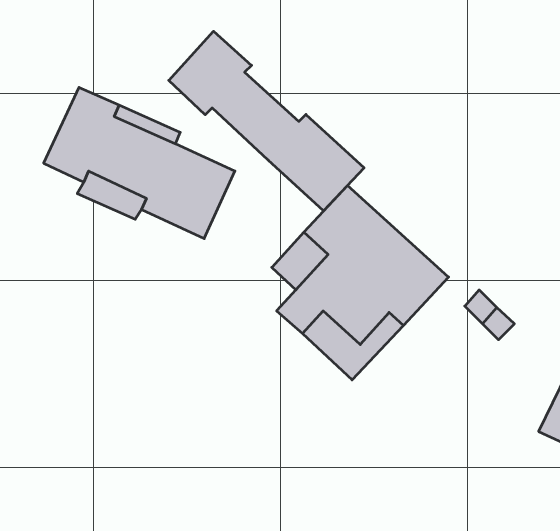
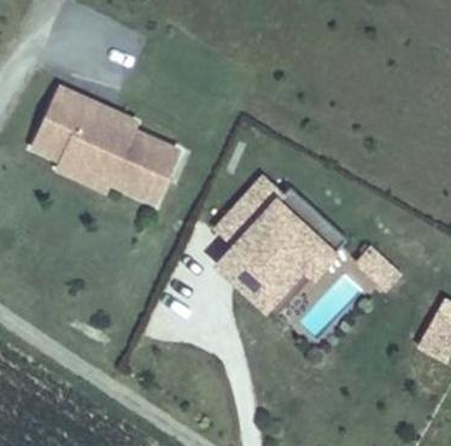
building: [169,31,364,211] -> none

